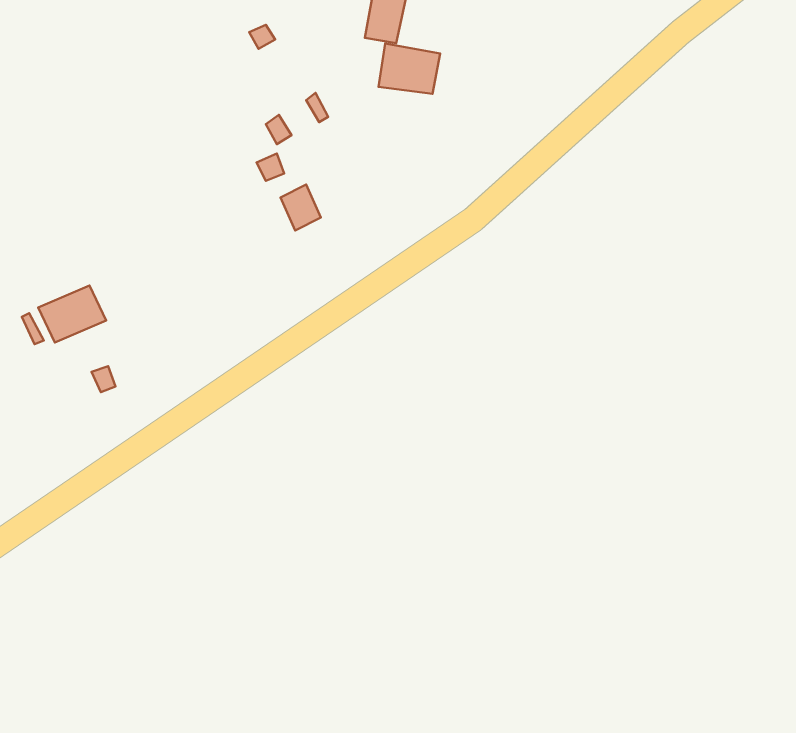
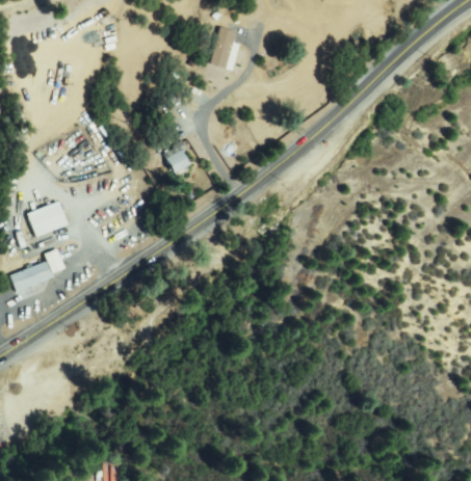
building: [378,44,440,94] -> none
building: none -> [9,262,50,290]

